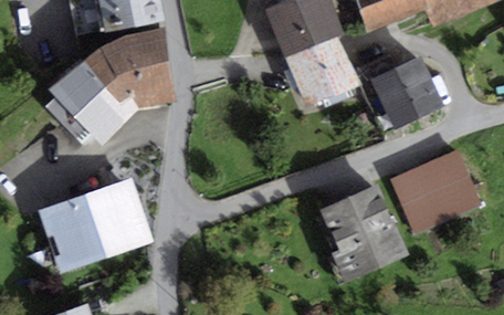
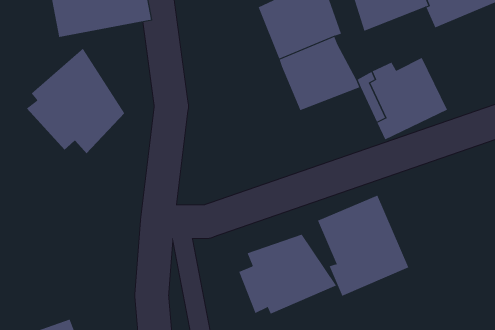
building: [98,27,174,108] -> none
building: [390,149,482,234] -> none
building: [36,178,153,274] -> none
building: none -> [239,234,337,314]

